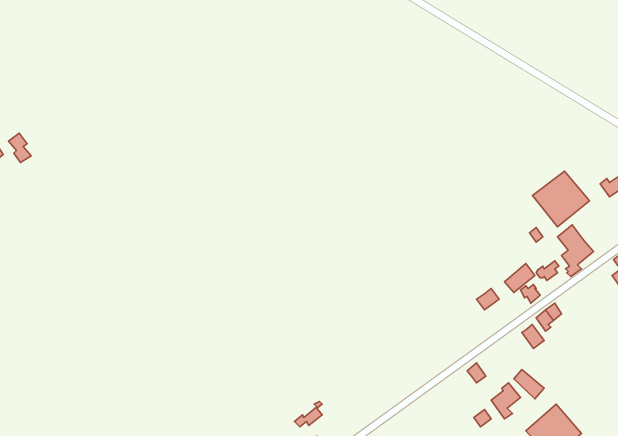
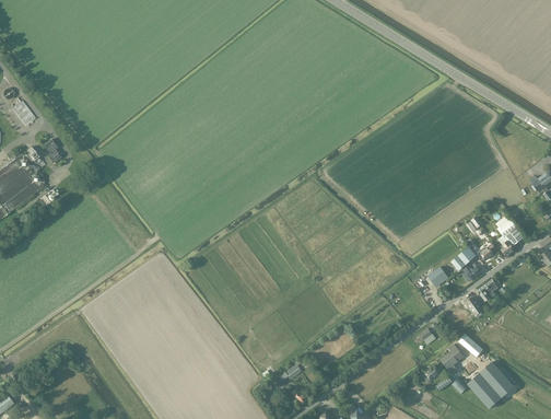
building: [532,171,590,227] -> none

